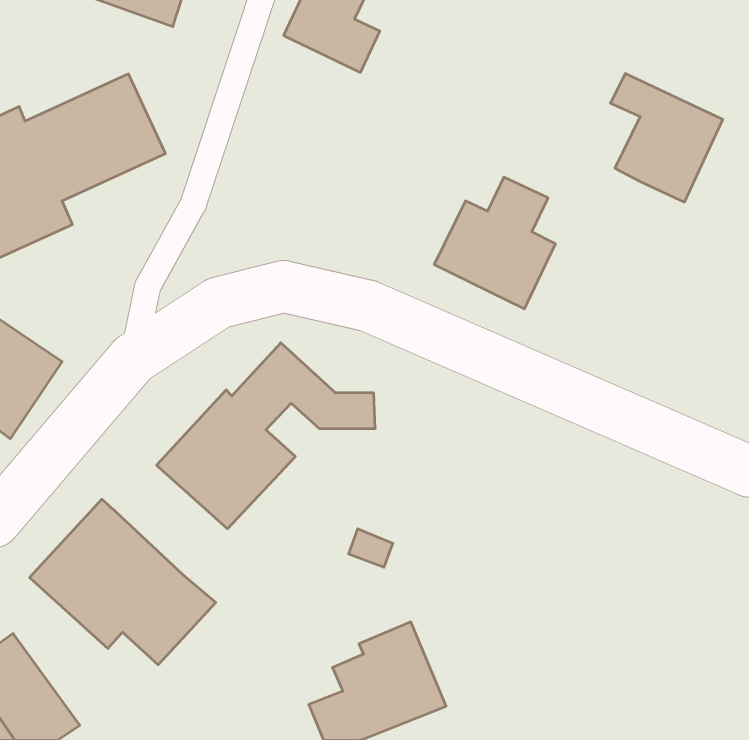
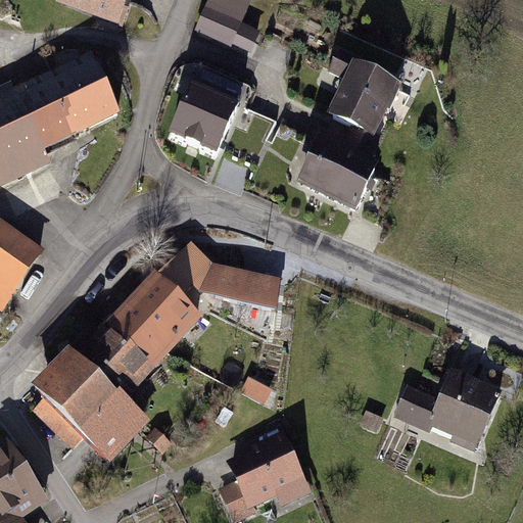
building: [610,74,723,202] -> [328,48,406,137]
building: none -> [165,79,238,151]
building: none -> [80,322,157,398]
building: none -> [394,371,497,451]

